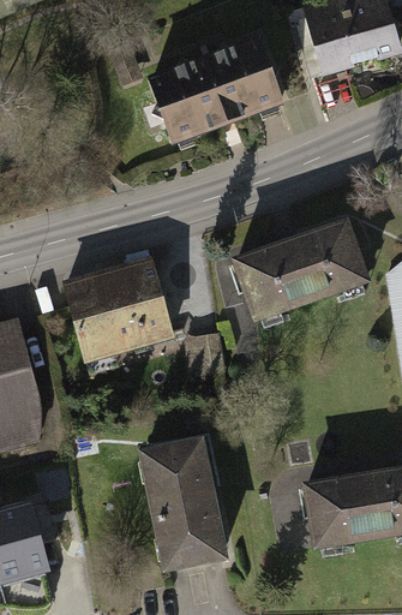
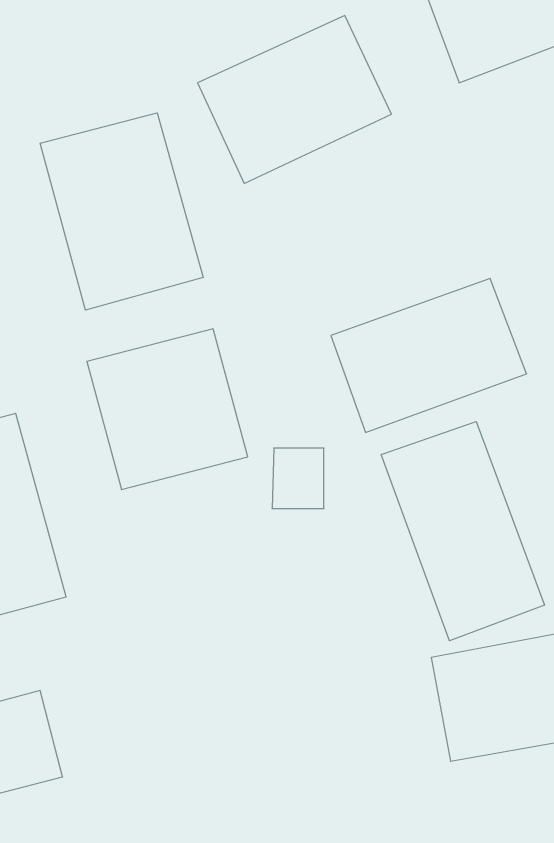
building: none -> [40,113,203,310]
building: none -> [381,422,544,641]
building: [145,435,220,561] -> none

